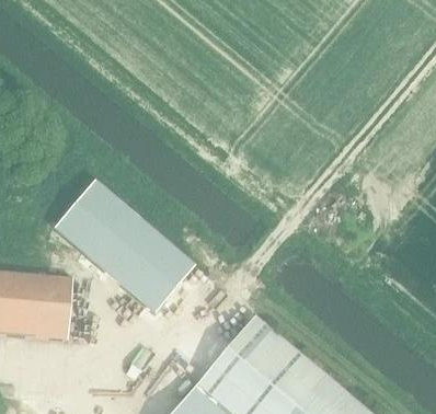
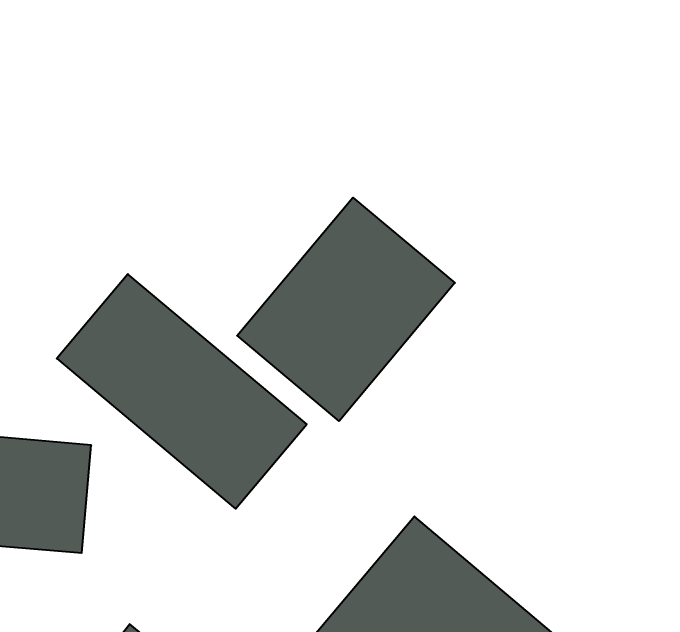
building: none -> [237,198,455,421]

